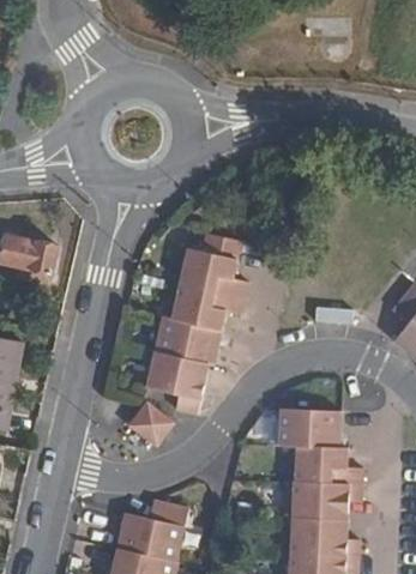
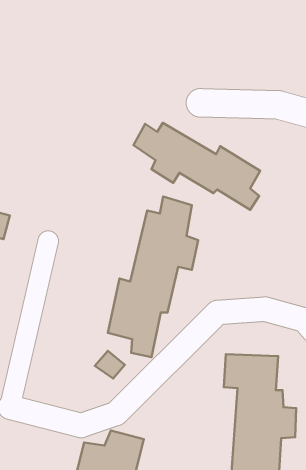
building: none -> [134,123,260,210]

